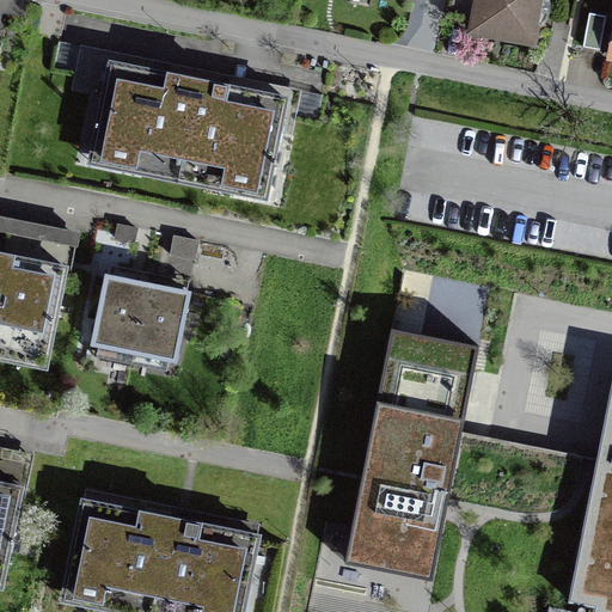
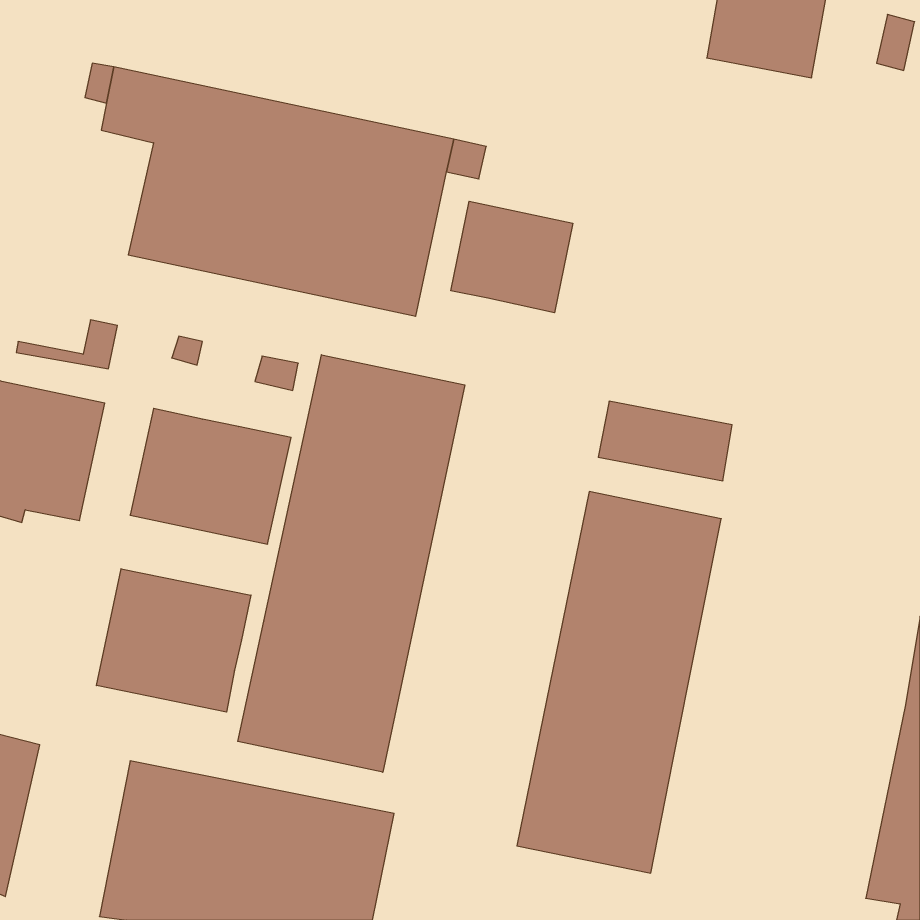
building: none -> [451,201,573,313]
building: none -> [238,355,465,772]
building: none -> [96,569,251,712]

